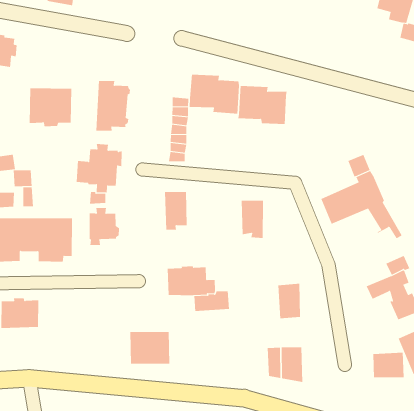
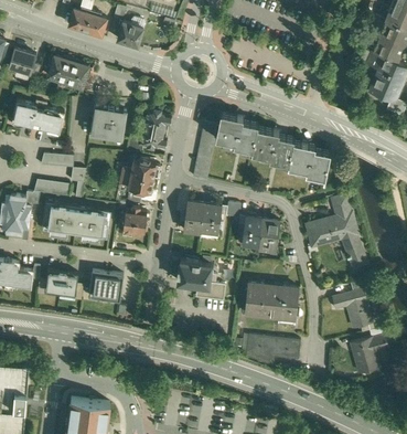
building: none -> [288,141,330,178]
building: none -> [201,204,222,235]
building: none -> [258,220,279,252]
building: none -> [278,287,298,317]
building: none -> [244,283,265,314]
building: [130,331,170,364] -> [87,272,121,301]
building: [372,352,404,378] -> [274,338,300,360]

